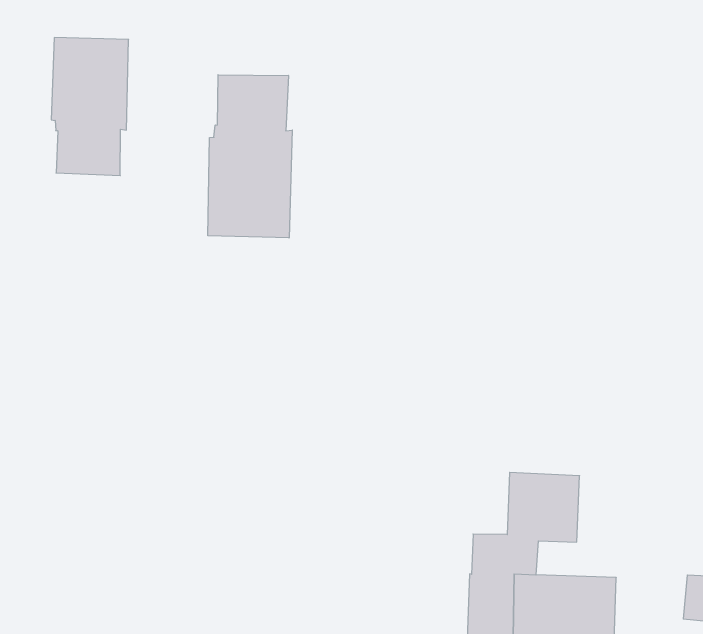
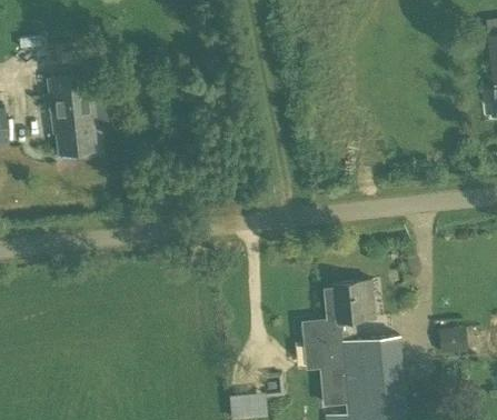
building: [208,75,292,238] -> none

